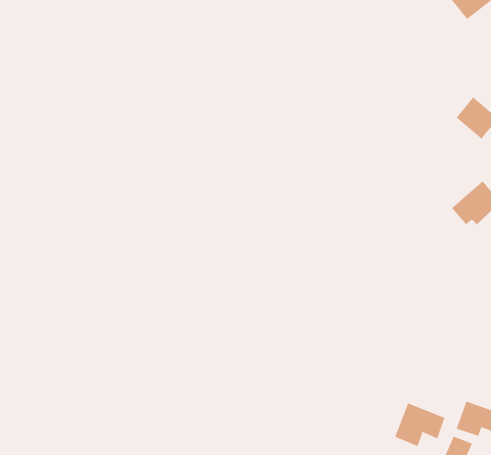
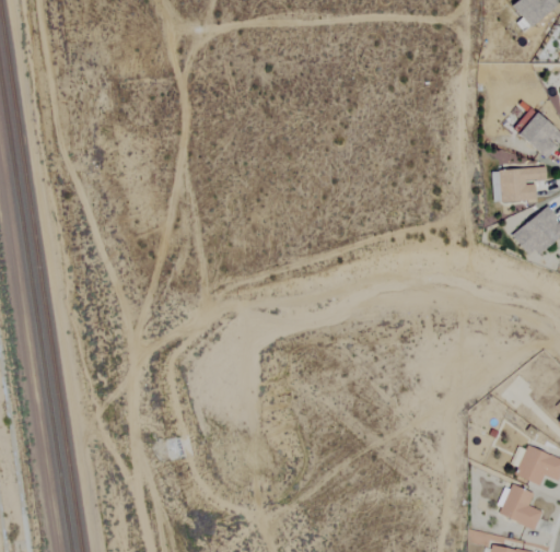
building: none -> [500,166,547,200]
building: [395,402,445,447] -> none

